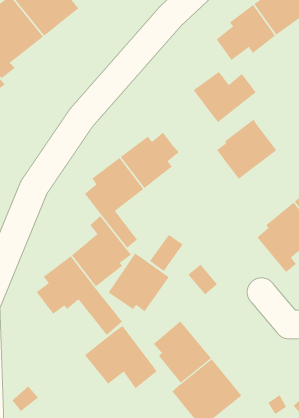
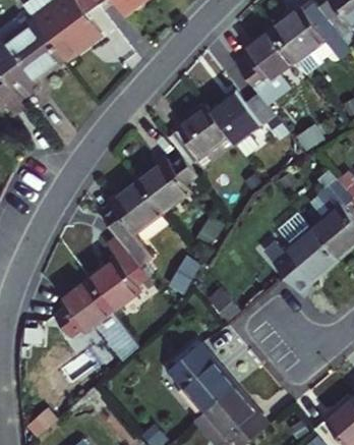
building: [216,119,277,180] -> [170,108,231,169]
building: [108,253,170,312] -> none
building: [84,325,157,389] -> none

